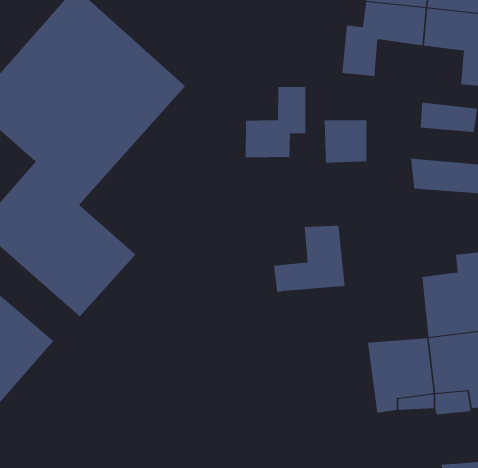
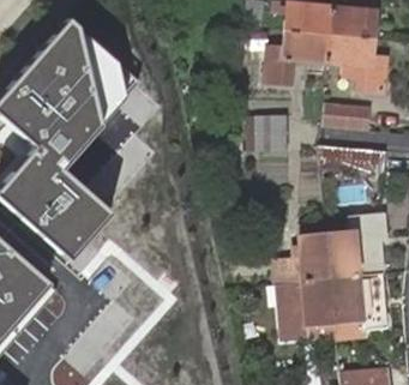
building: [245,86,306,158] -> none
building: [273,225,345,293] -> [277,234,331,284]

